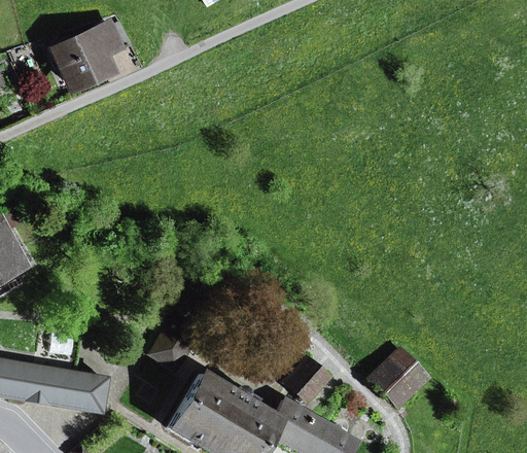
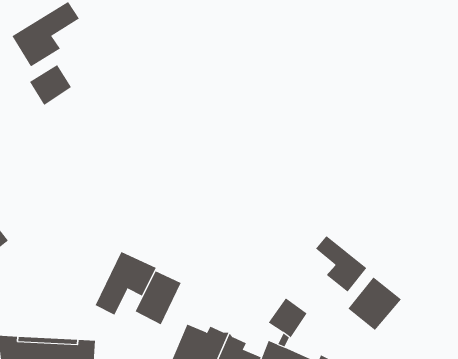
building: none -> [29,64,72,106]
building: none -> [95,251,156,315]
building: none -> [315,235,367,293]

